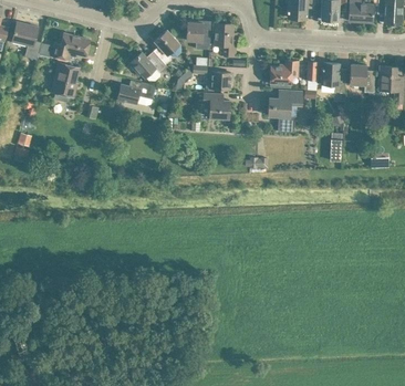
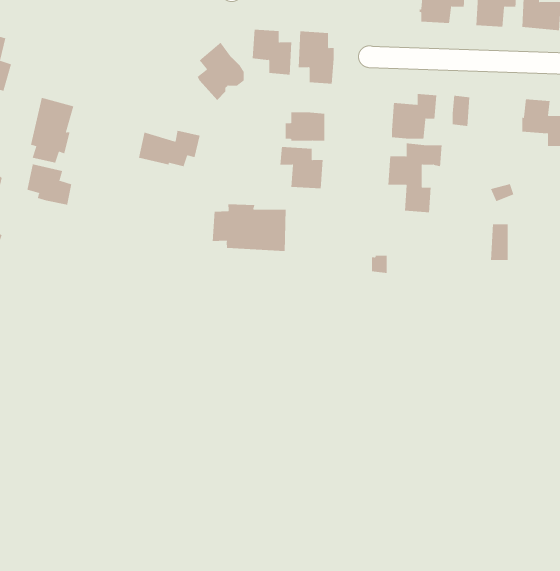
building: [52,31,90,59] -> none
building: [129,51,167,79] -> none
building: [321,61,345,91] -> none
building: none -> [27,163,72,206]
building: none -> [212,203,286,252]

